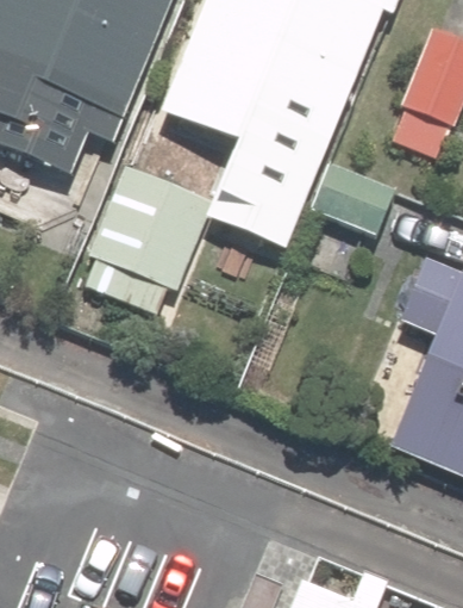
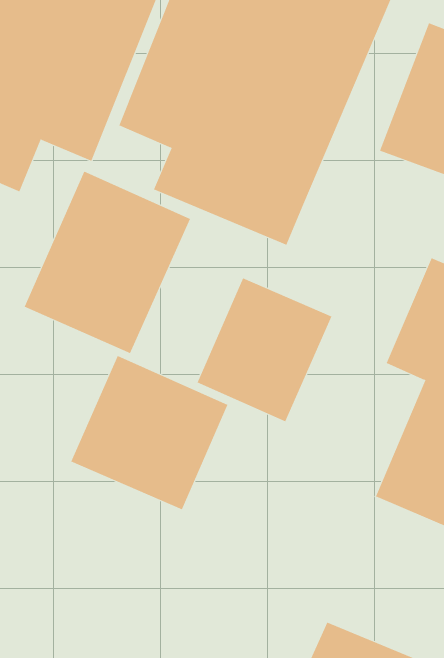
building: none -> [197,277,332,422]
building: none -> [71,355,228,510]

